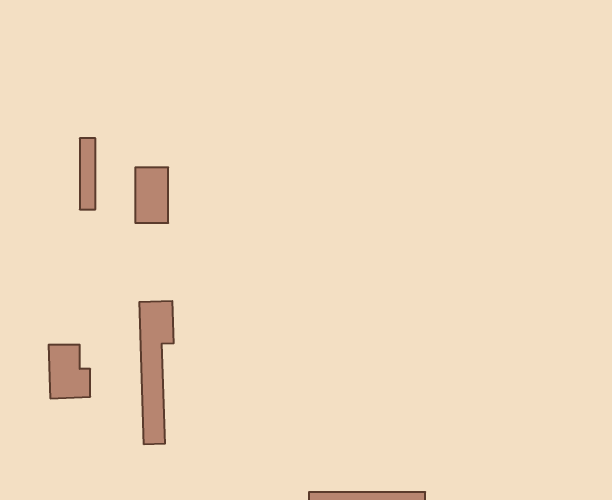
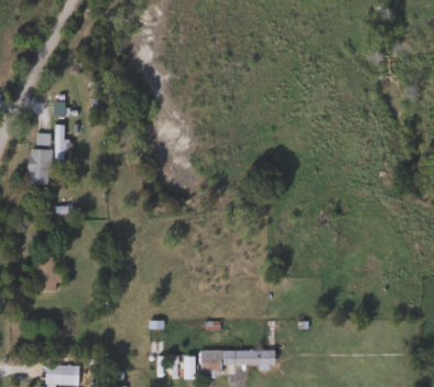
building: [135,167,168,223] -> [30,149,51,184]
building: [139,301,174,444] -> none

